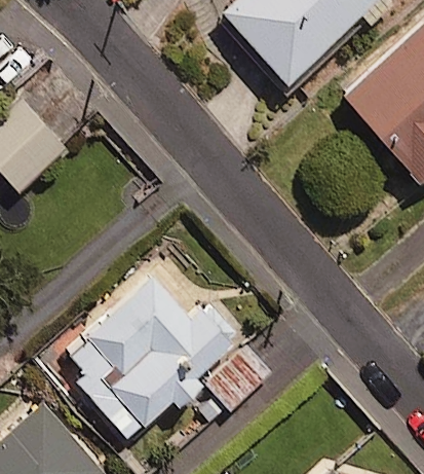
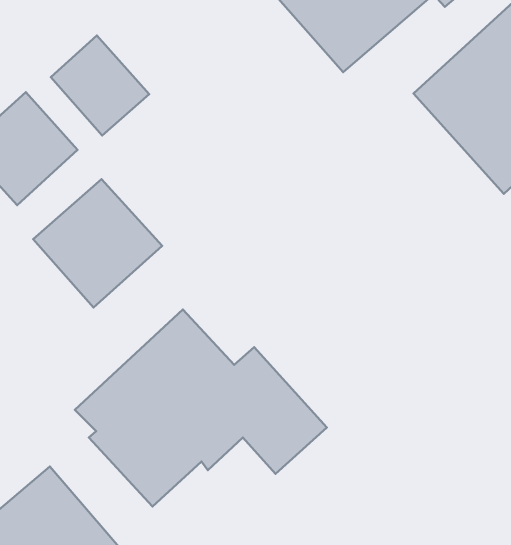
building: none -> [51,35,149,135]
building: none -> [33,179,162,307]

